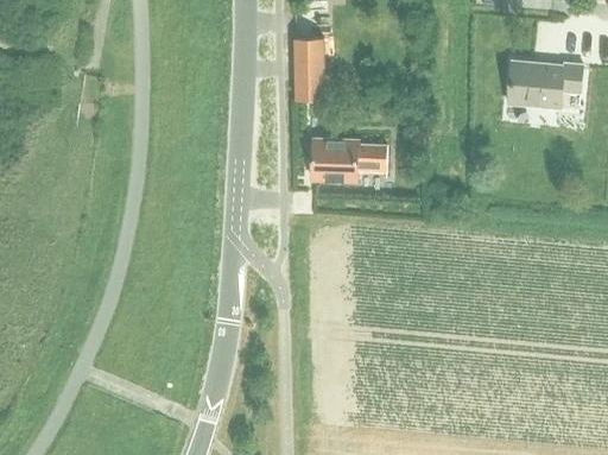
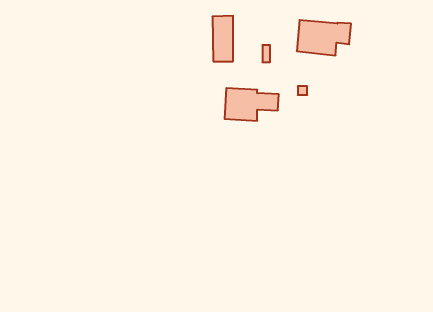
building: [507,61,582,109] -> [297,20,351,55]

